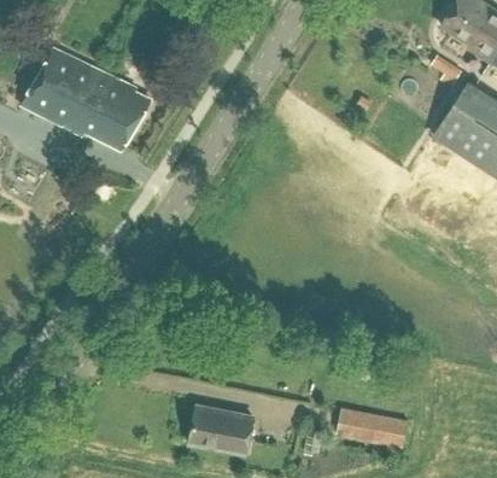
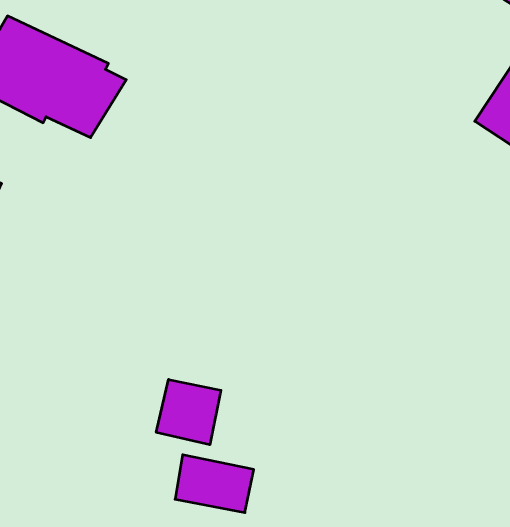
building: none -> [156,379,221,445]
building: [338,408,409,448] -> none

